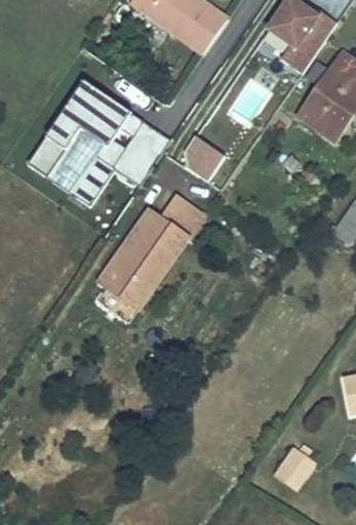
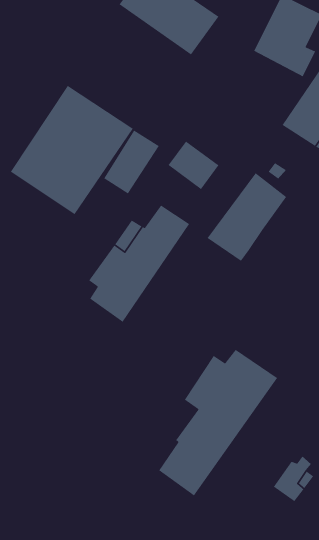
building: none -> [206,172,287,262]
building: none -> [158,349,278,496]

